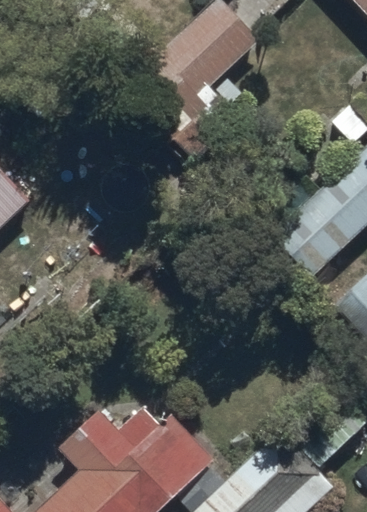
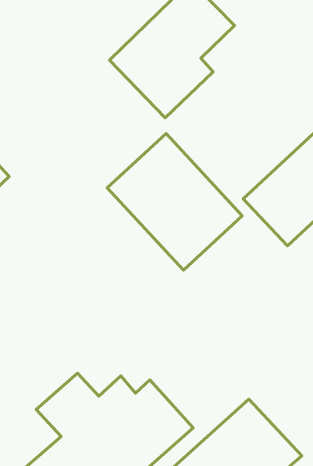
building: none -> [107,134,242,270]

